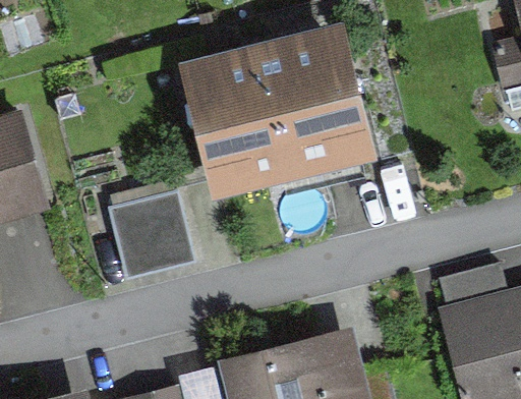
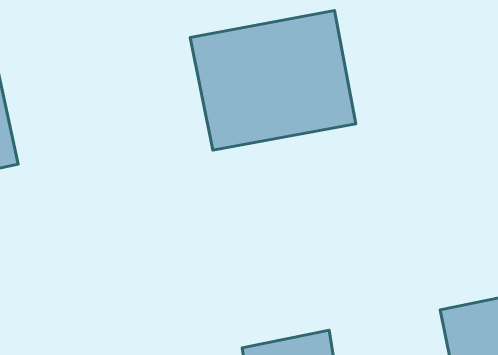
building: [113,193,188,269] -> none

